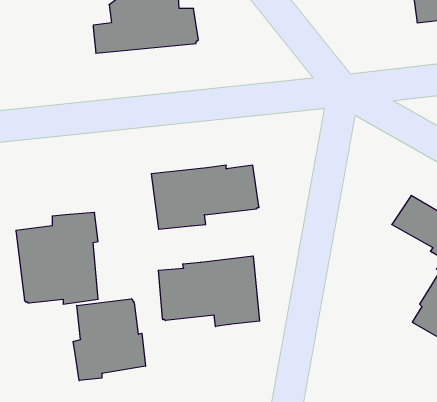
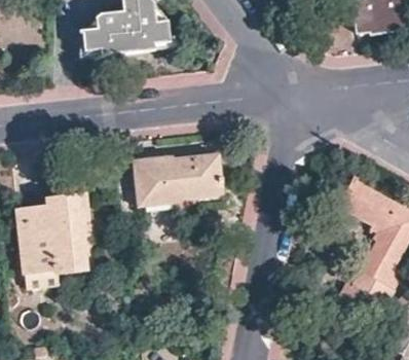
building: [158,256,260,327] -> none
building: [73,299,145,381] -> none

